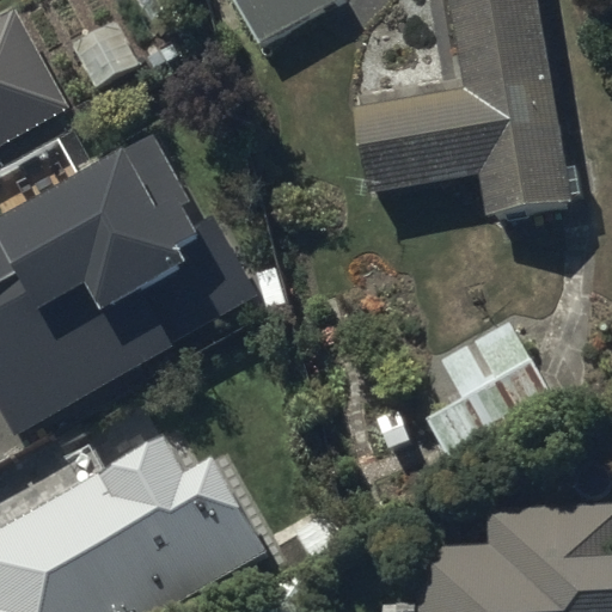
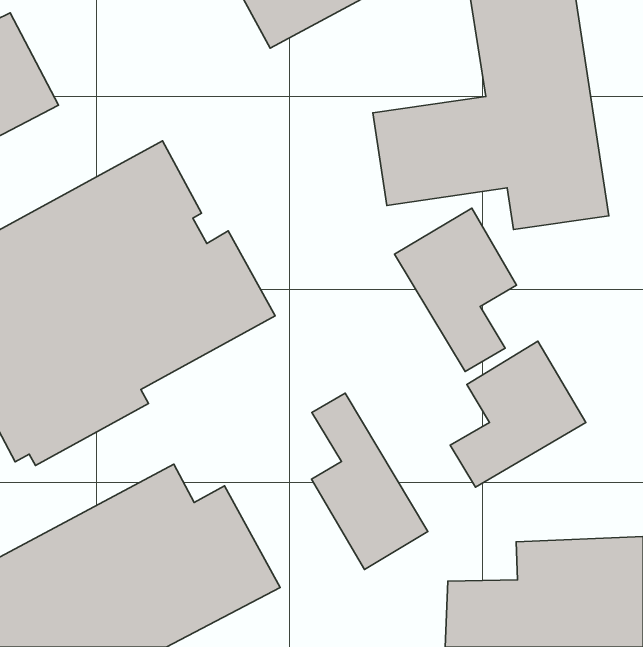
building: none -> [395,208,516,371]
building: none -> [311,393,428,569]

